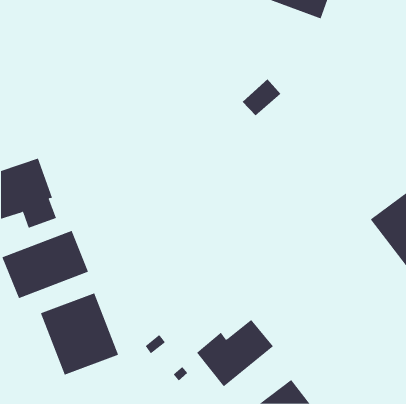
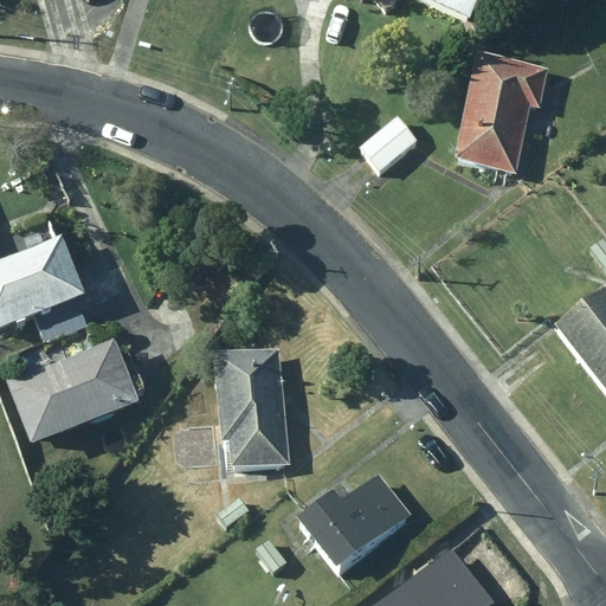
building: none -> [463,64,566,189]
building: none -> [212,347,289,466]
building: [40,292,119,376] -> none

